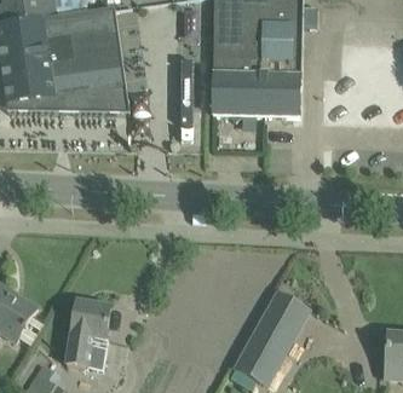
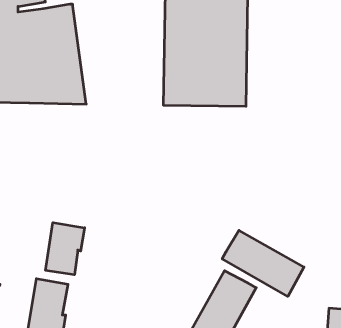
building: none -> [46,223,85,275]
building: none -> [222,230,304,296]

